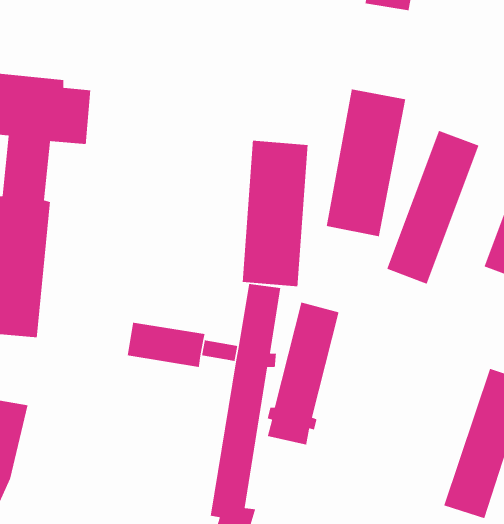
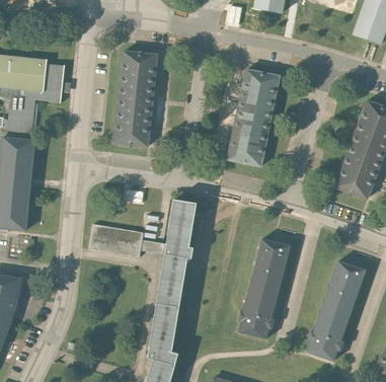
building: [386,130,479,285] -> none
building: [242,140,309,287] -> [112,47,158,147]
building: [267,301,340,445] -> [239,239,289,337]

